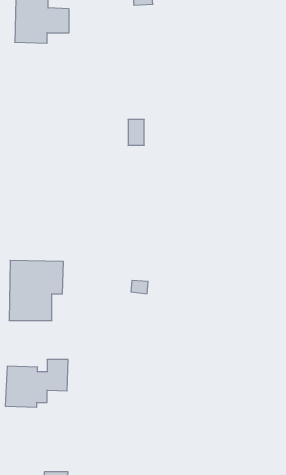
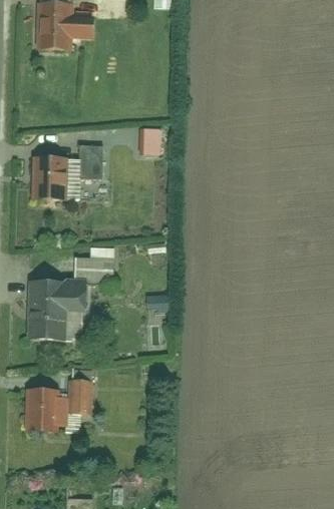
building: none -> [32,135,102,197]
building: none -> [74,257,114,276]

